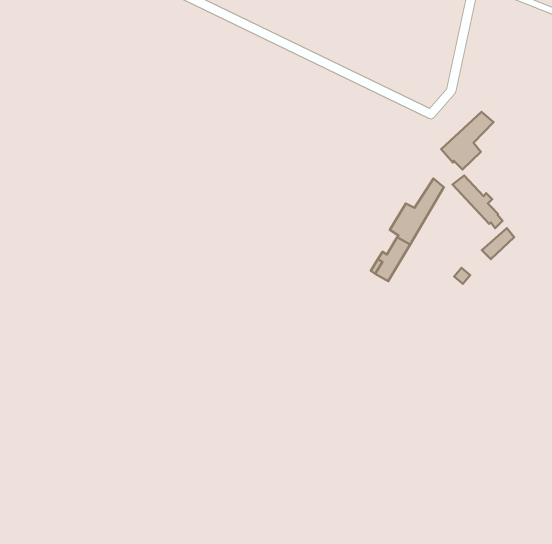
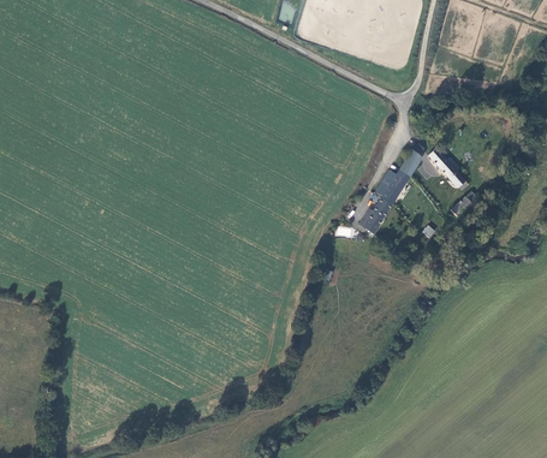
building: [441,112,494,170] -> none

